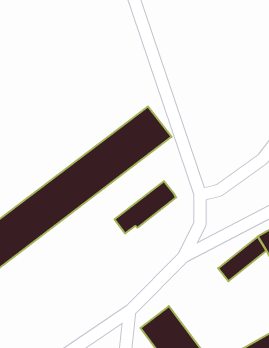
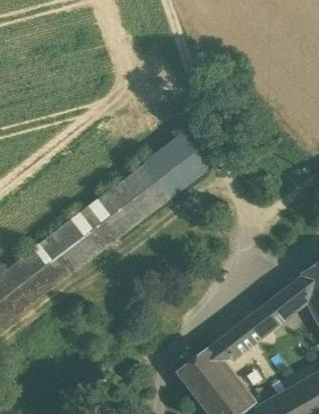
building: [115,181,176,233] -> [206,306,272,362]

